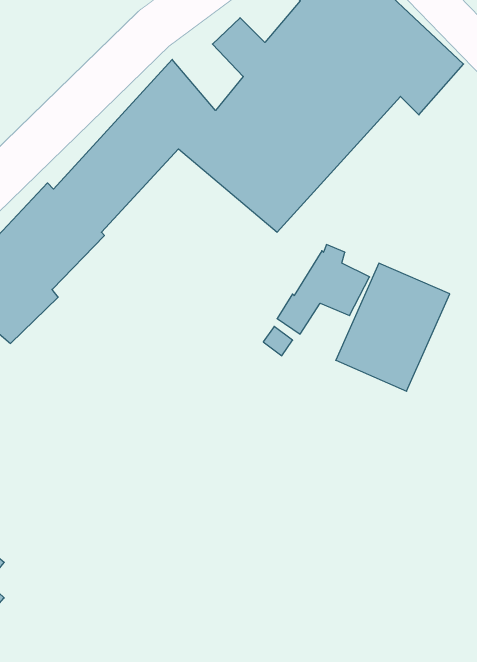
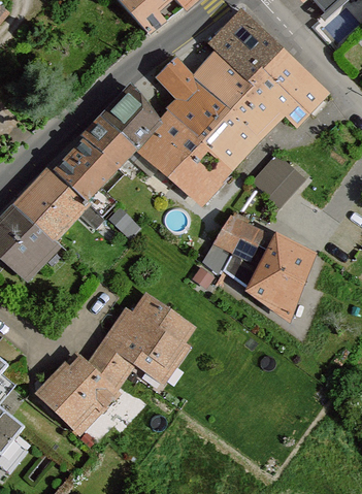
building: none -> [252,149,305,202]
building: none -> [32,293,186,429]

